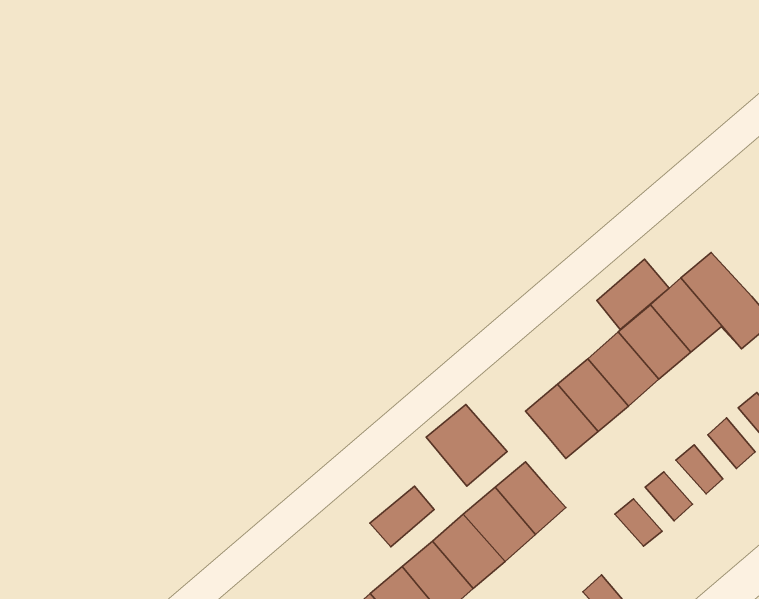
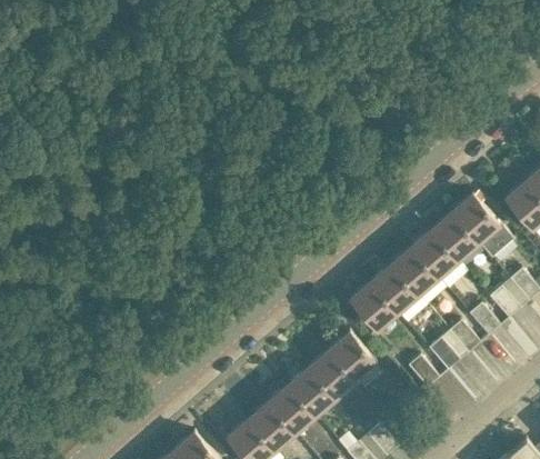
building: [597,259,669,329] -> none
building: [426,404,507,486] -> none
building: [370,486,434,547] -> none

